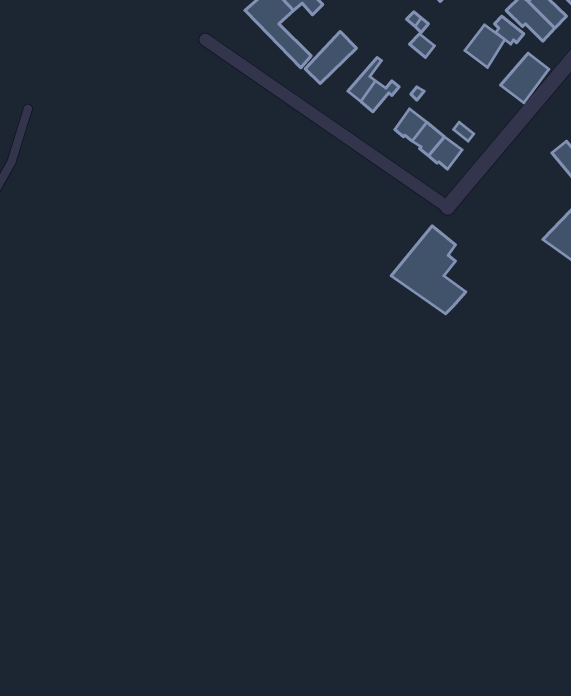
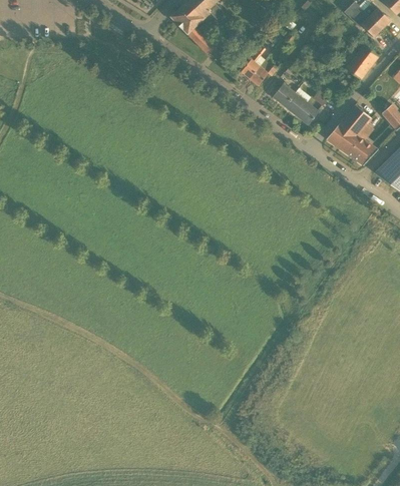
building: [465,25,505,67] -> none
building: [305,31,357,83] -> none
building: [391,226,466,314] -> [326,105,377,165]

